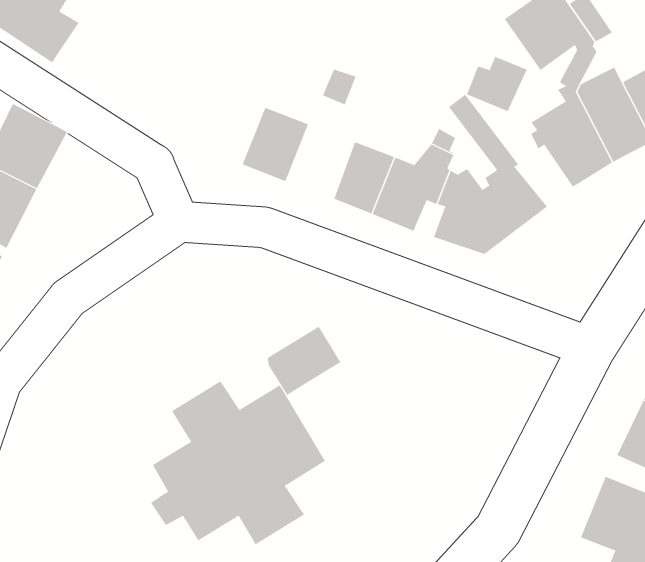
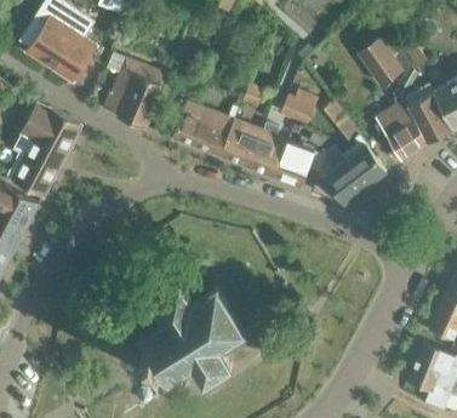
building: none -> [103,58,167,128]
building: [466,56,527,112] -> [280,88,319,124]
building: none -> [172,101,206,145]
building: none -> [219,120,258,166]
building: [268,326,341,396] -> none

